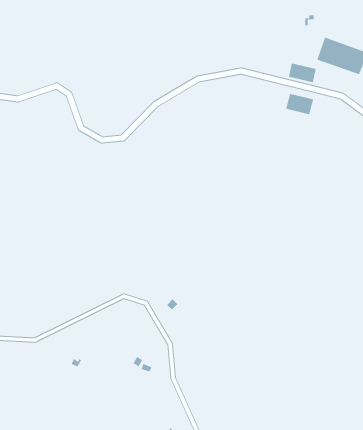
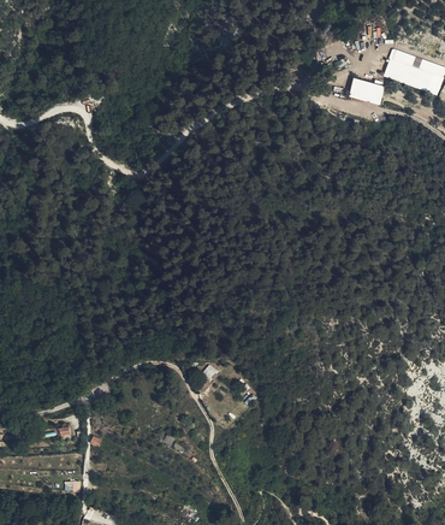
building: [286,93,314,115] -> none

